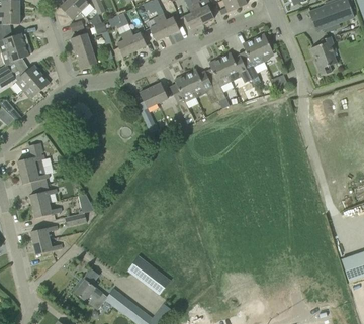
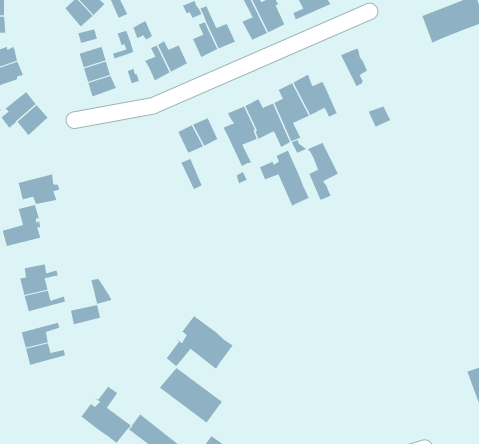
building: [310,35,337,75] -> none
building: [242,38,264,79] -> [307,142,339,200]
building: none -> [259,150,309,207]
building: [20,166,50,187] -> [18,174,60,204]
building: none -> [166,315,233,369]

